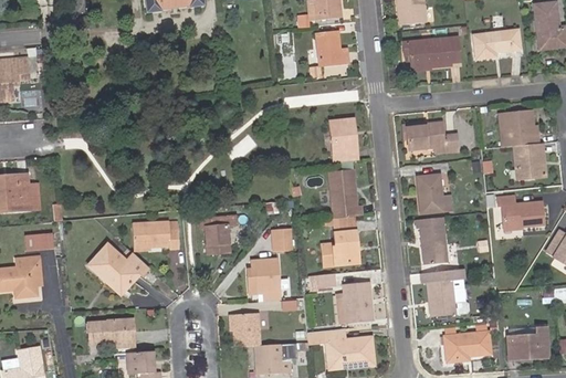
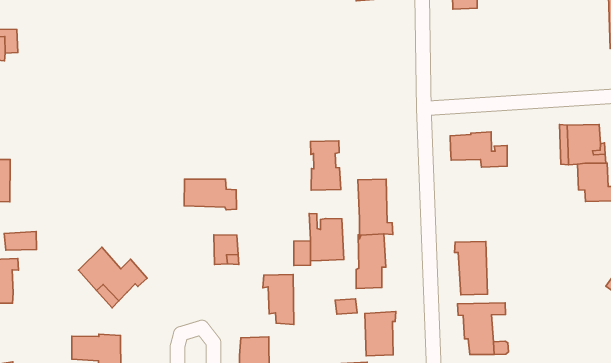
building: [472,27,518,54] -> none
building: [316,29,347,62] -> none
building: [407,33,457,61] -> none
building: [329,118,358,162] -> [310,141,341,190]
building: [416,175,451,213] -> none
building: [495,197,544,228] -> none
building: none -> [309,214,344,261]
building: [134,222,180,249] -> [184,179,236,210]

